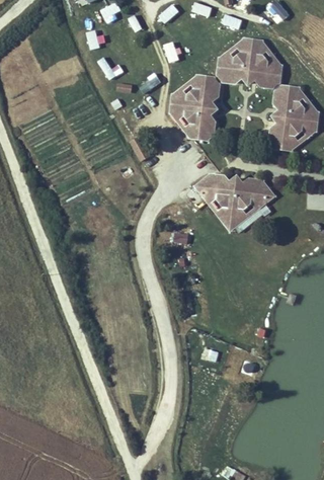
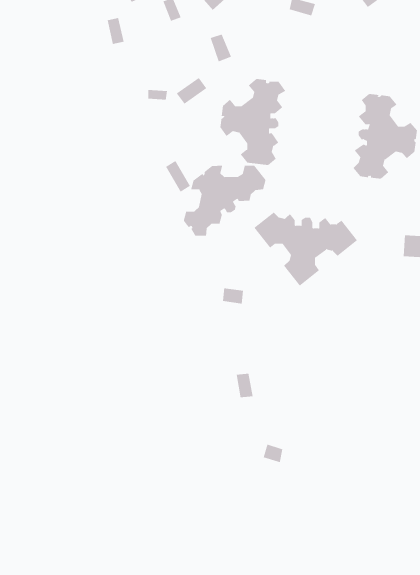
building: [218,39,281,89] -> none
building: none -> [183,165,266,236]

